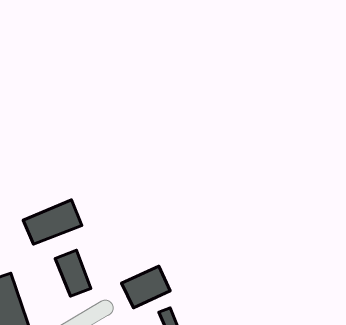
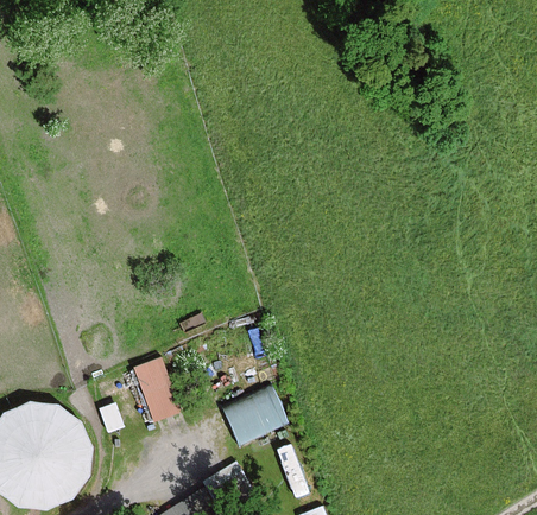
building: [23,200,82,244] -> none

